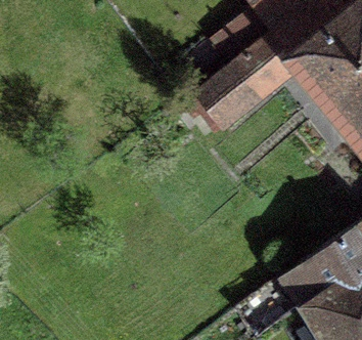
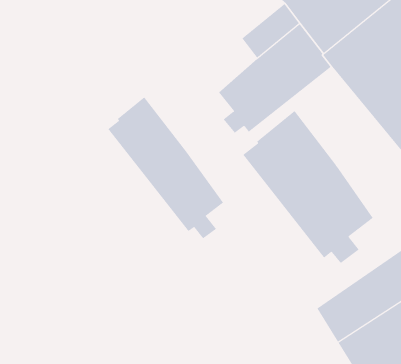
building: none -> [107,96,224,239]
building: none -> [242,110,374,264]

